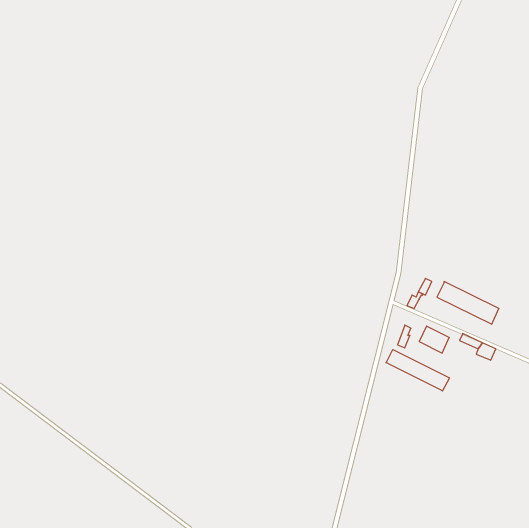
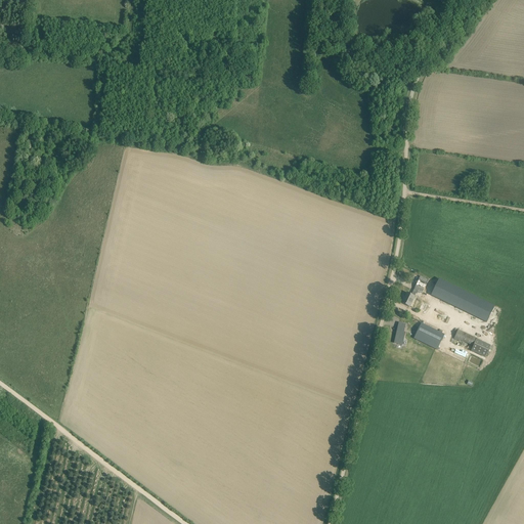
building: [386,350,449,391] -> none

